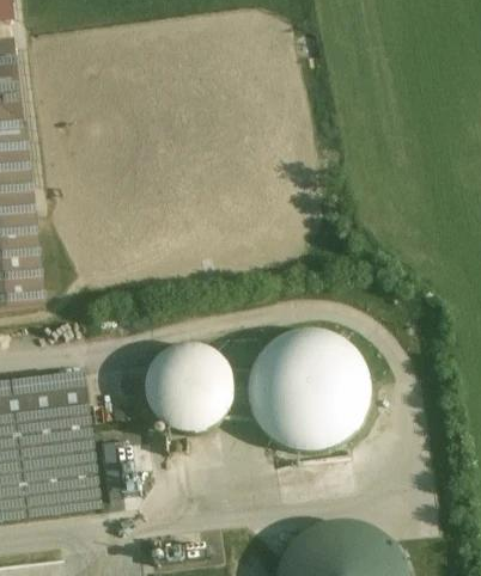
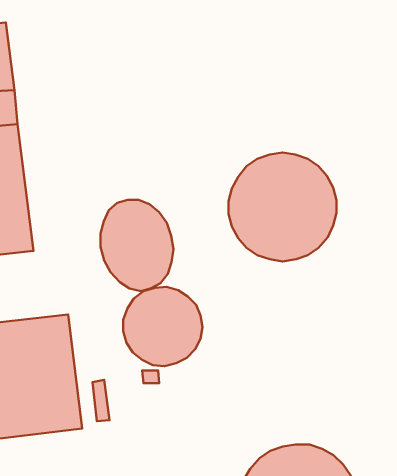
building: none -> [100,200,174,291]
building: [248,327,370,451] -> [229,153,336,261]

